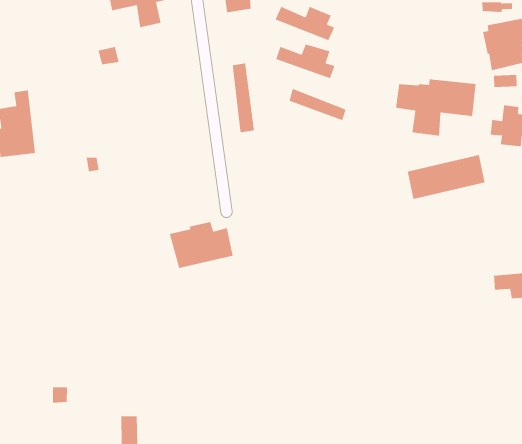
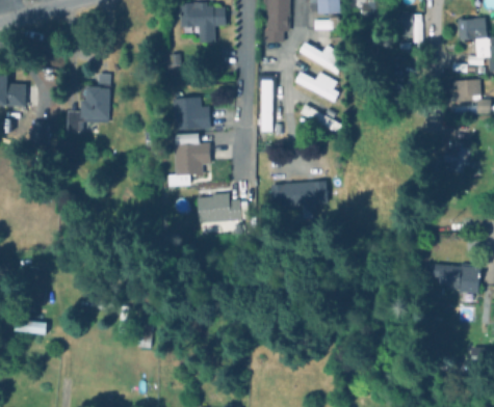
building: [395,78,477,136] -> none
building: none -> [171,88,211,129]
building: none -> [174,133,211,182]
building: [407,154,485,200] -> [271,180,328,206]

